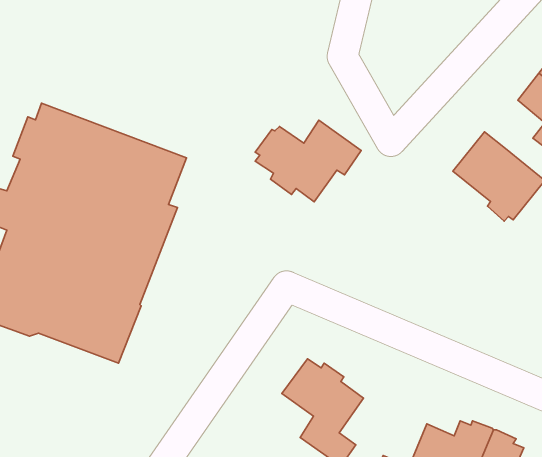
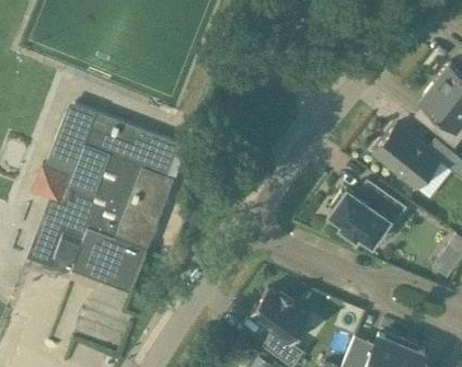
building: [255,120,361,202] -> [330,186,406,245]

